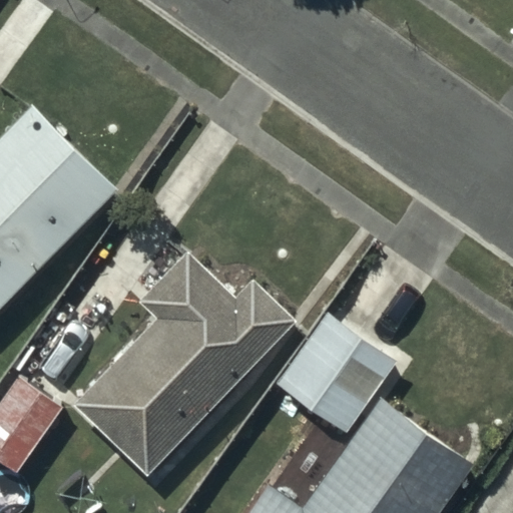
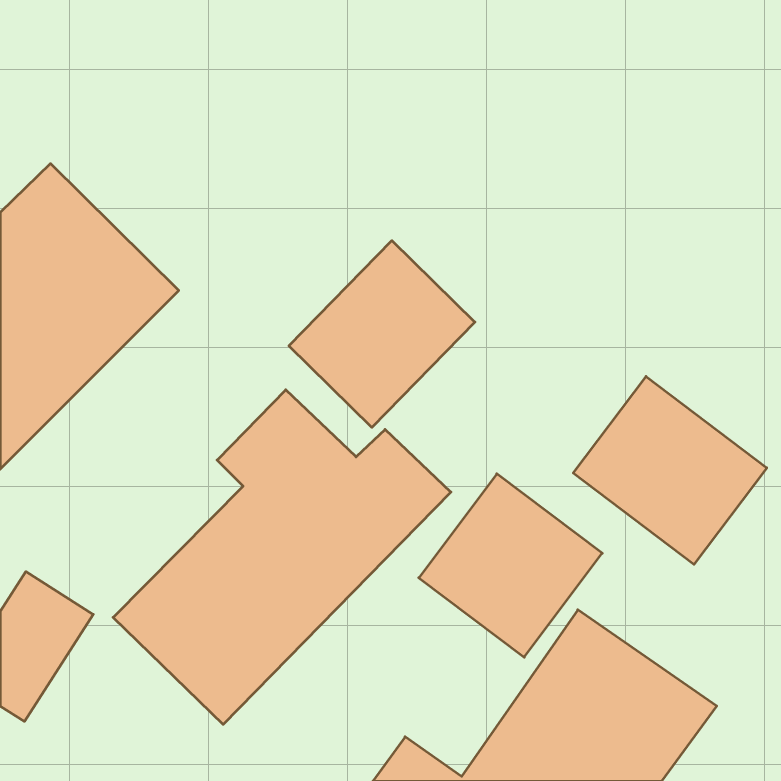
building: none -> [289,241,475,427]
building: none -> [573,376,767,564]

